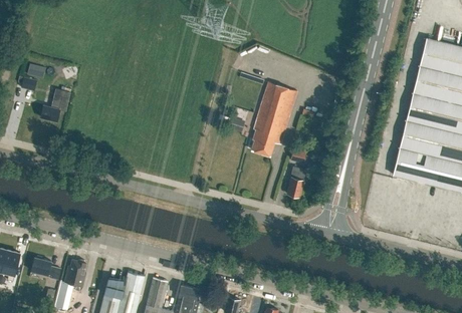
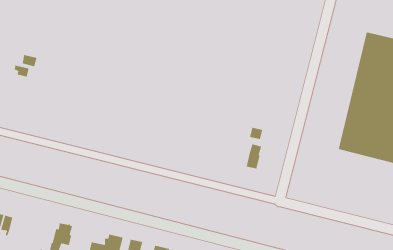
building: [251,82,297,156] -> none
building: [40,89,69,121] -> none
building: [31,256,60,280] -> none

